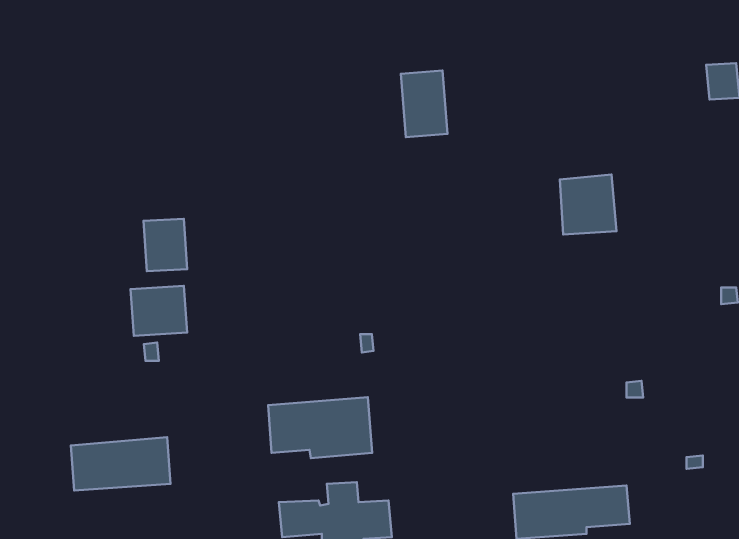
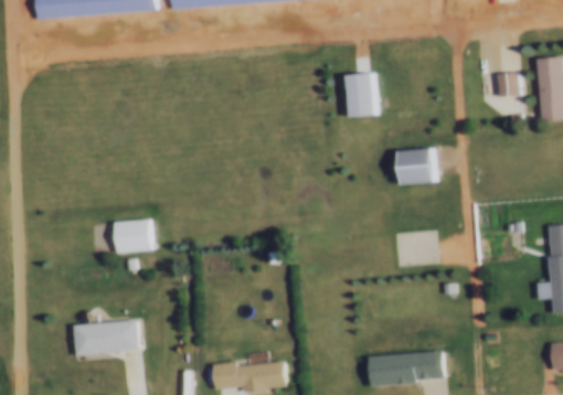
building: [401,71,448,137] -> [347,74,378,118]
building: [144,219,187,271] -> none
building: [268,397,372,458] -> none

